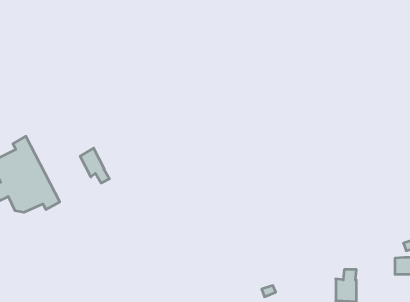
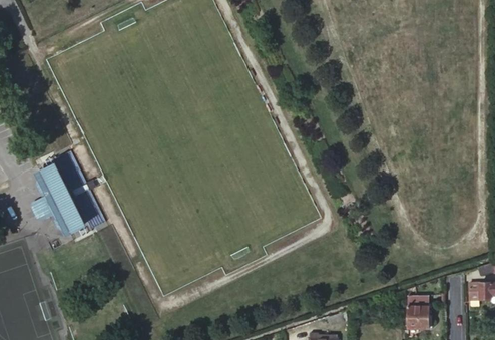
building: [80,148,109,183] -> none

